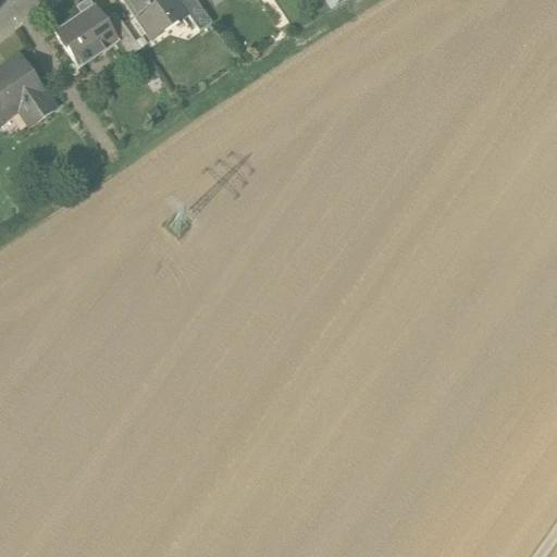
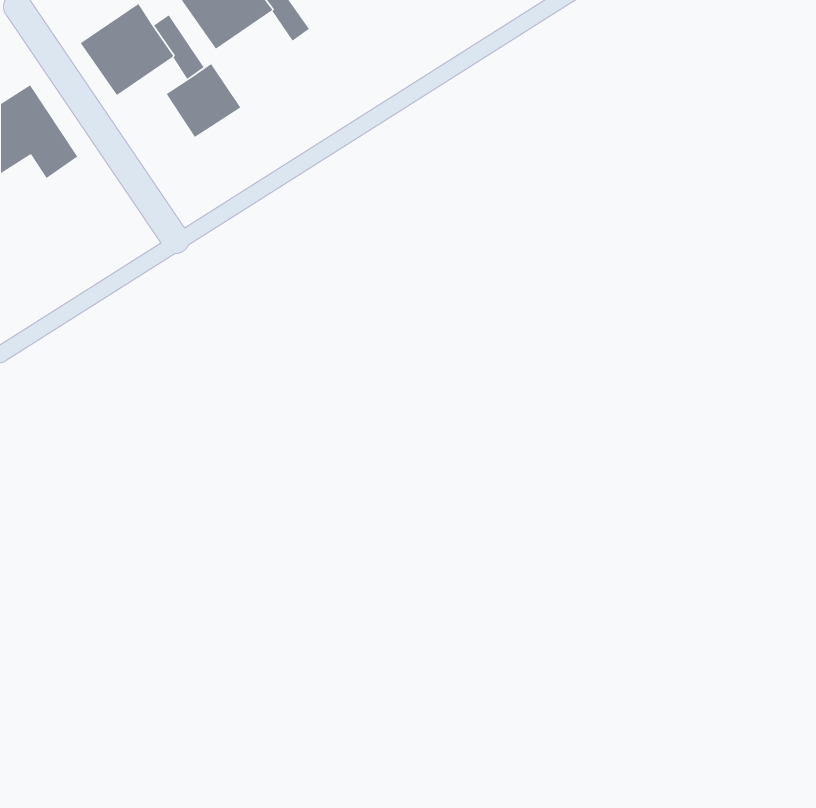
building: none -> [166,63,241,138]

